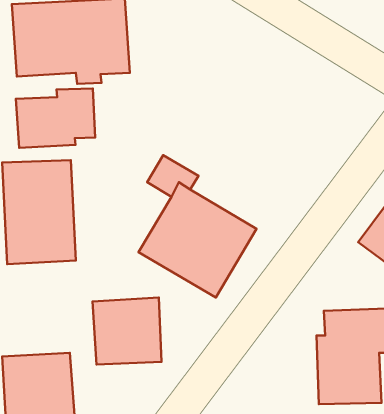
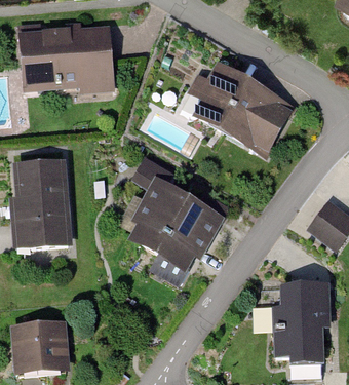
building: none -> [187,62,297,159]
building: [16,88,95,148] -> none
building: [93,298,162,364] -> none

